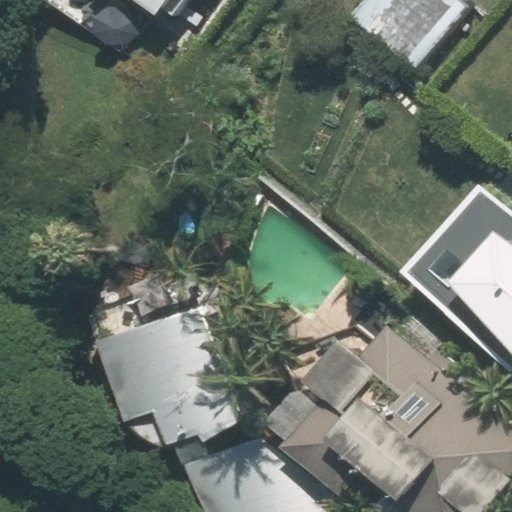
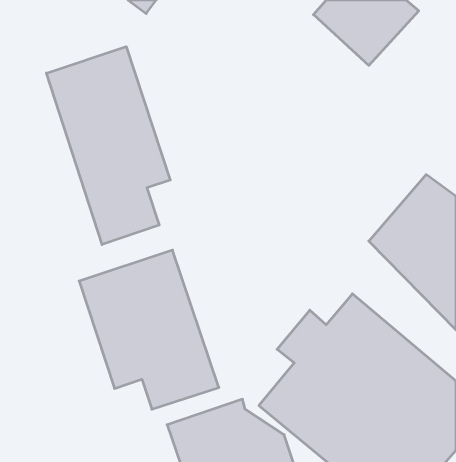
building: none -> [46,47,170,245]

